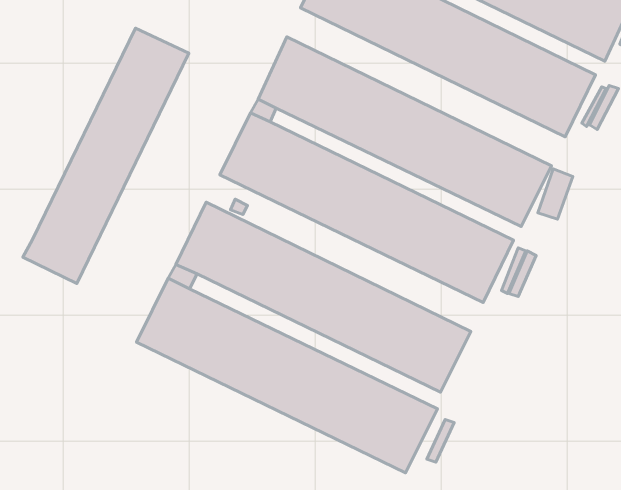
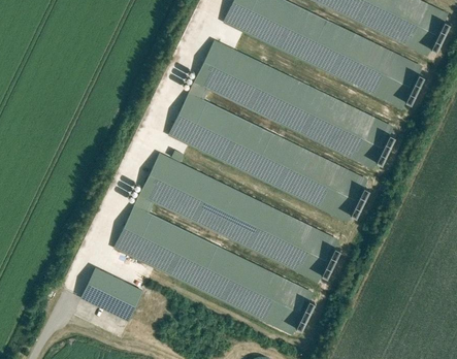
building: [23,28,189,283] -> none
building: none -> [77,267,141,321]

